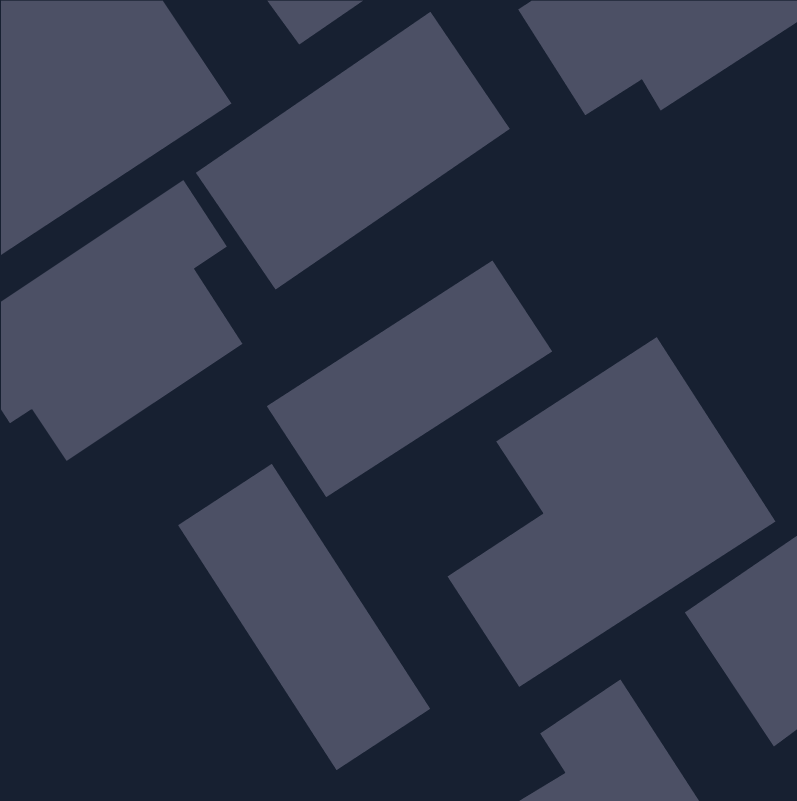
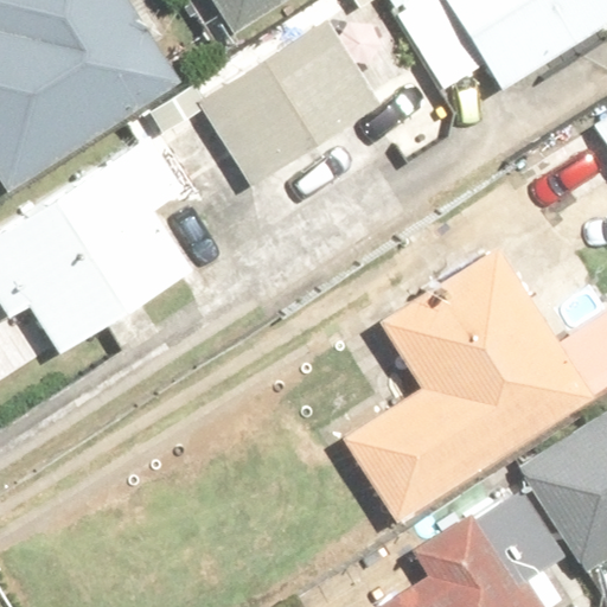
building: [266,259,553,498] -> none
building: [177,463,431,771] -> none

